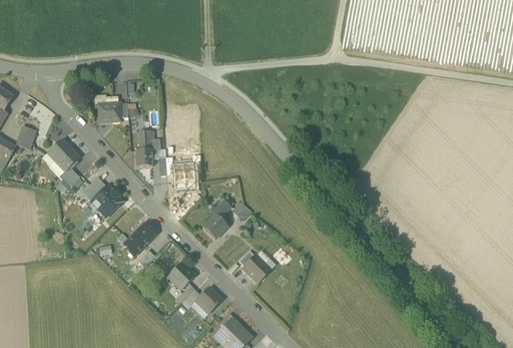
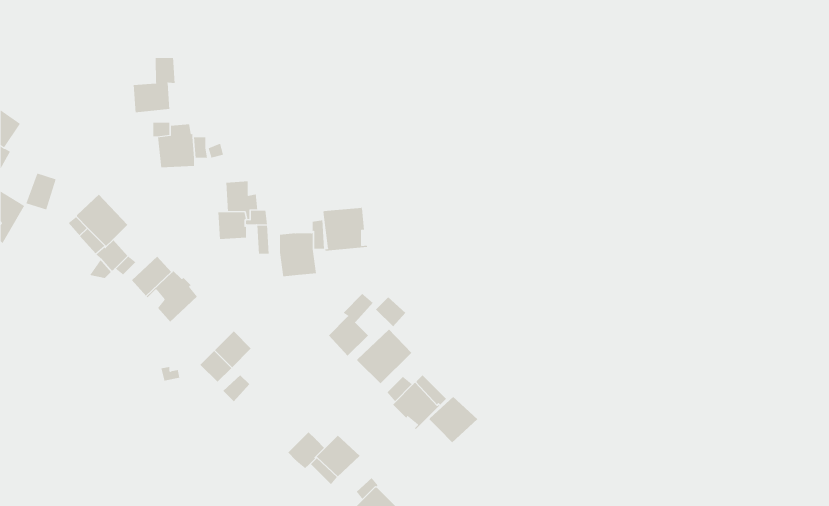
building: none -> [133,57,175,113]
building: none -> [321,207,367,251]
building: none -> [357,328,412,384]
building: [166,262,195,291] -> none
building: none -> [427,396,478,443]

